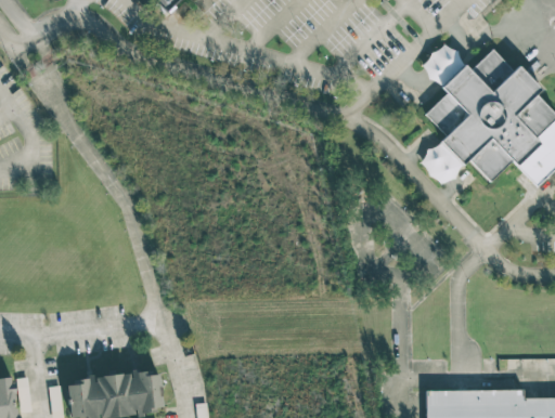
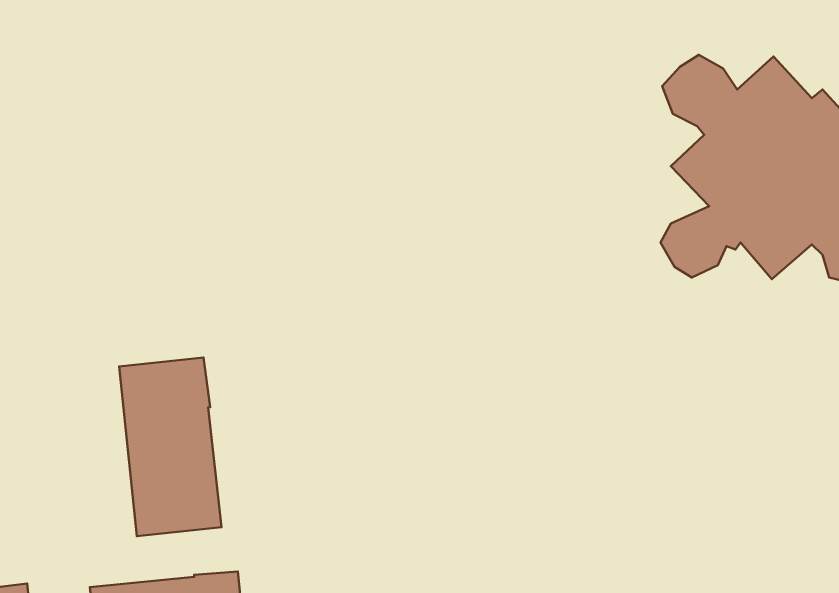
building: none -> [119,358,222,536]

